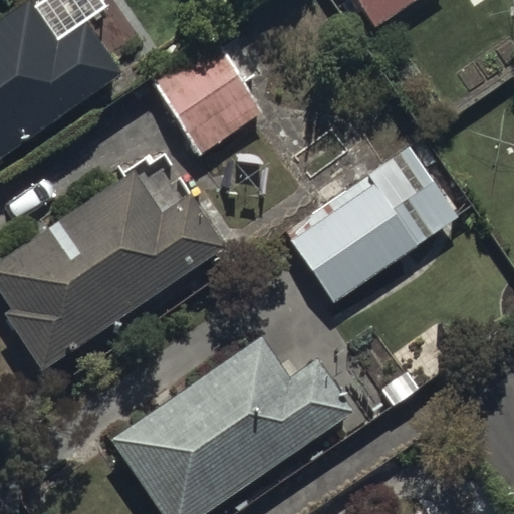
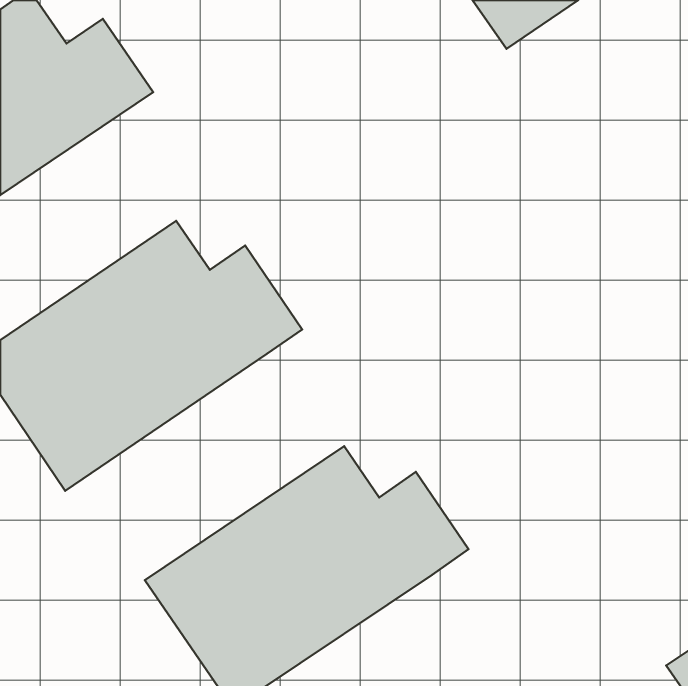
building: [148,35,271,162] -> none
building: [285,148,461,307] -> none

